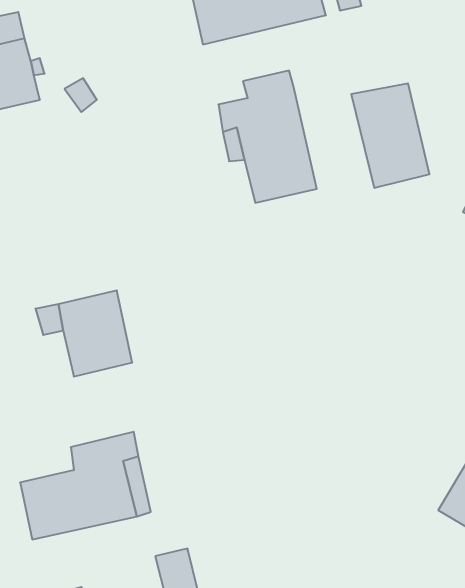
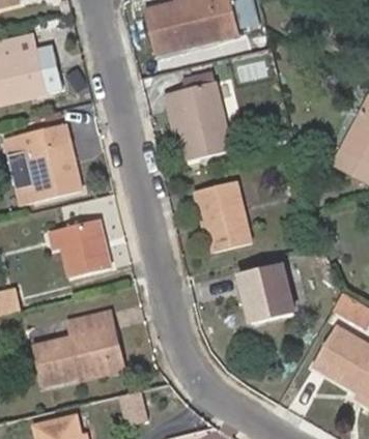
building: [351,83,430,188] -> [199,180,252,251]
building: none -> [24,138,79,199]
building: none -> [242,263,295,322]

